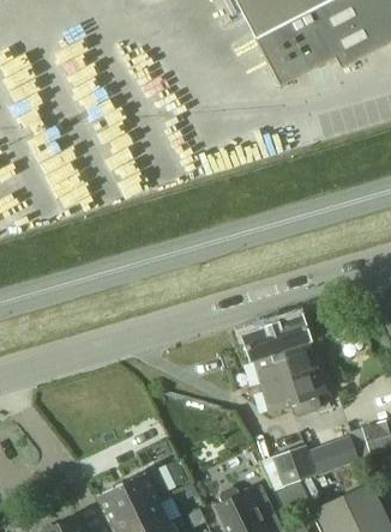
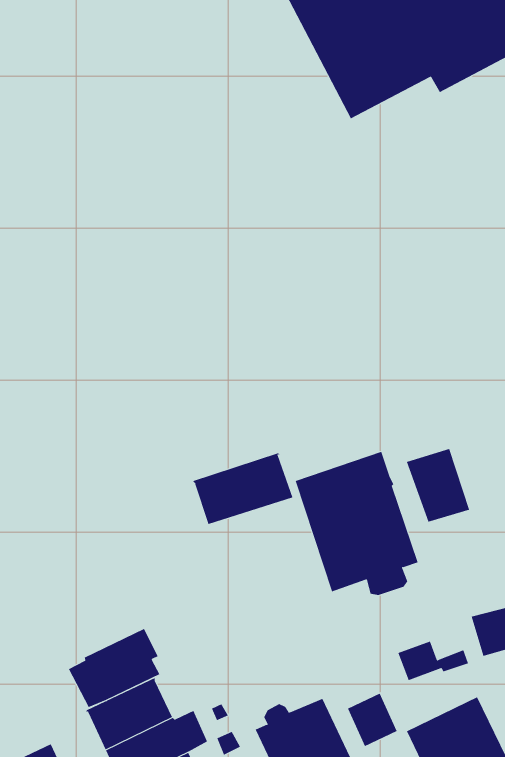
building: none -> [406,448,470,522]
building: none -> [192,452,293,525]
building: none -> [68,628,160,708]
building: [272,446,314,484] -> none

